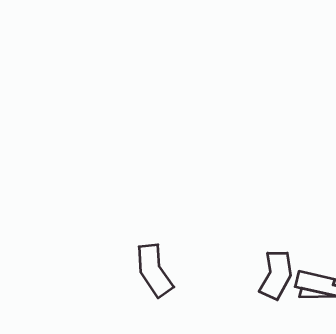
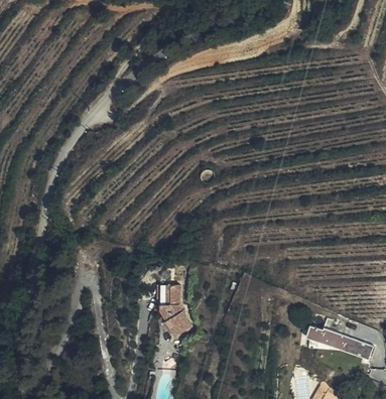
building: [259,253,290,300] -> none

